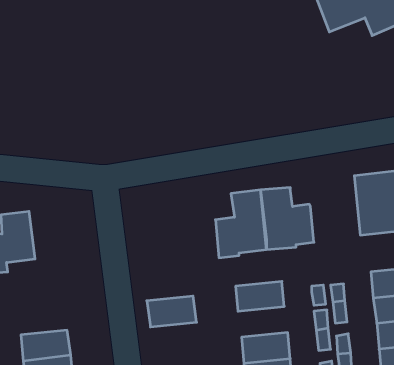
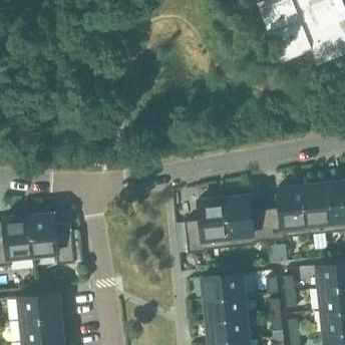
building: none -> [264,185,307,241]
building: none -> [27,212,74,265]
building: [147,296,197,327] -> [204,295,246,321]
building: none -> [18,293,59,319]

